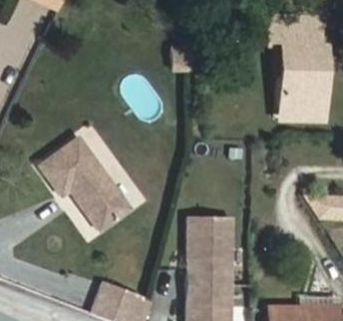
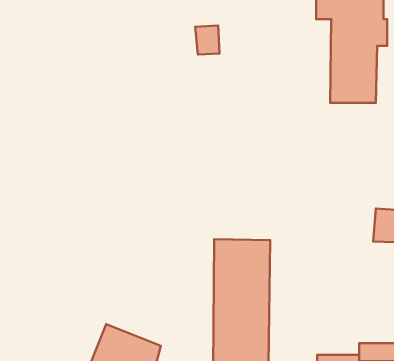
building: [279,62,325,121] -> none
building: [42,137,130,229] -> none

